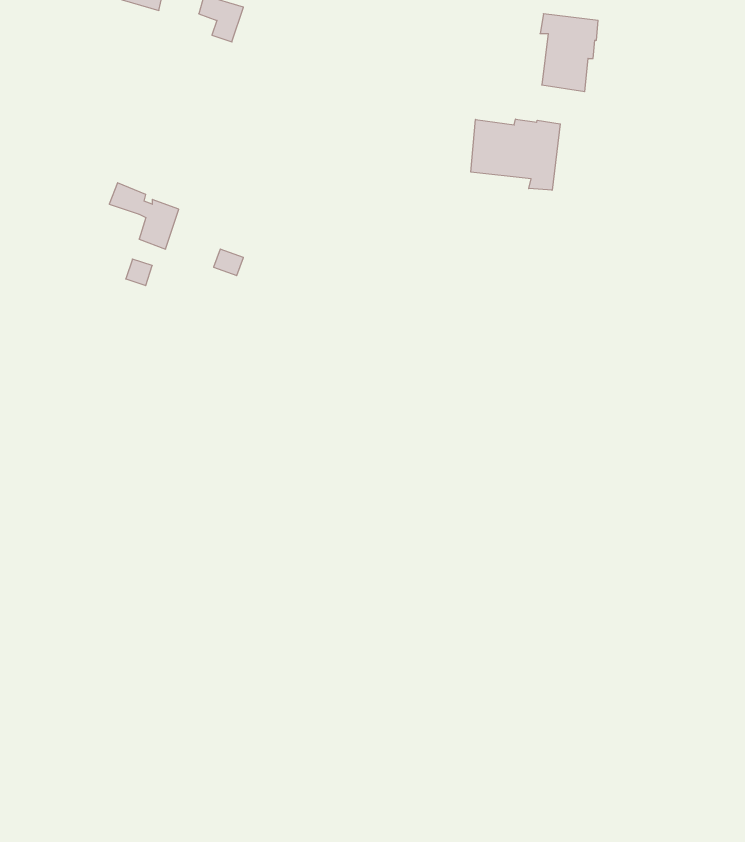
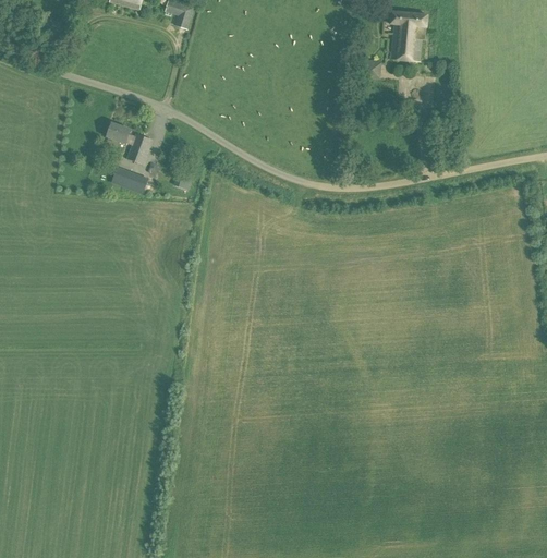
building: [471,119,560,190] -> none

